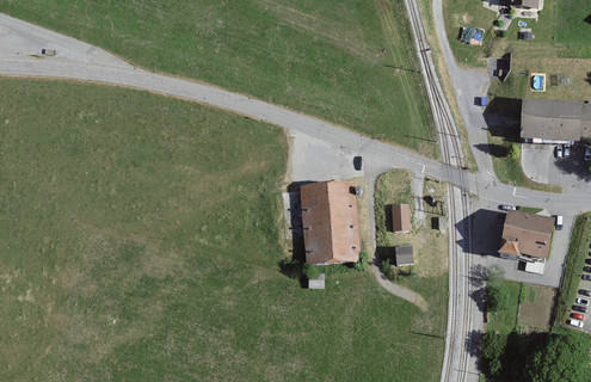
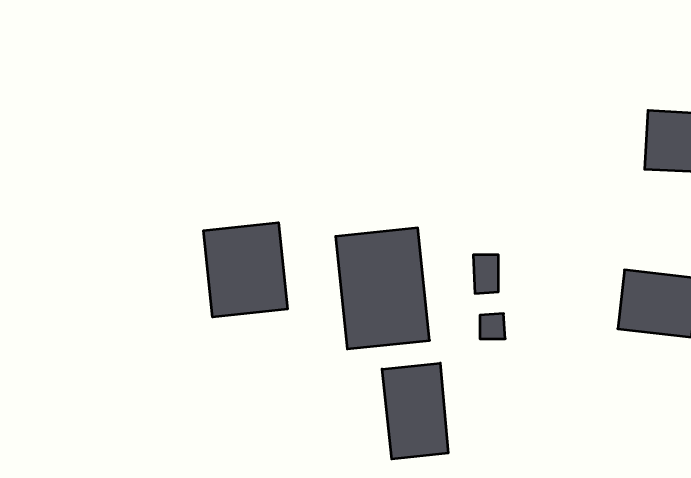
building: none -> [204,223,287,317]
building: none -> [382,363,448,459]

